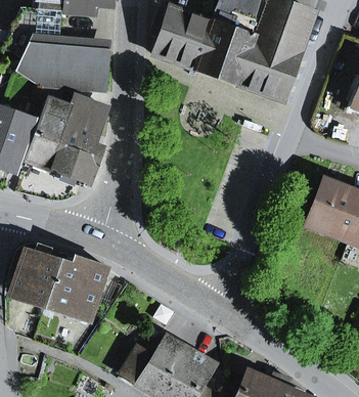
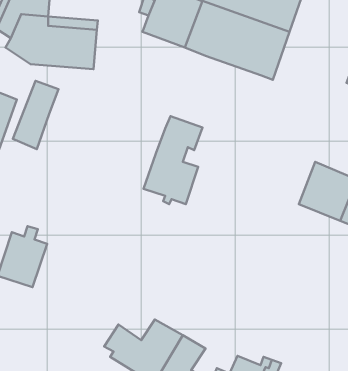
building: [50,97,108,184] -> [143,116,202,204]
building: [46,256,108,320] -> none

